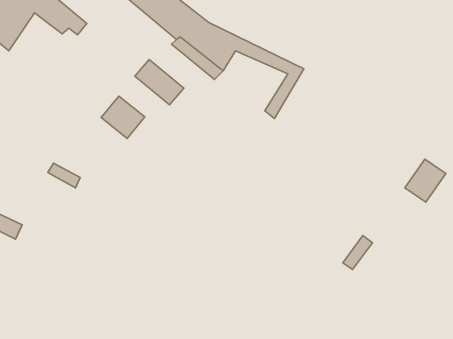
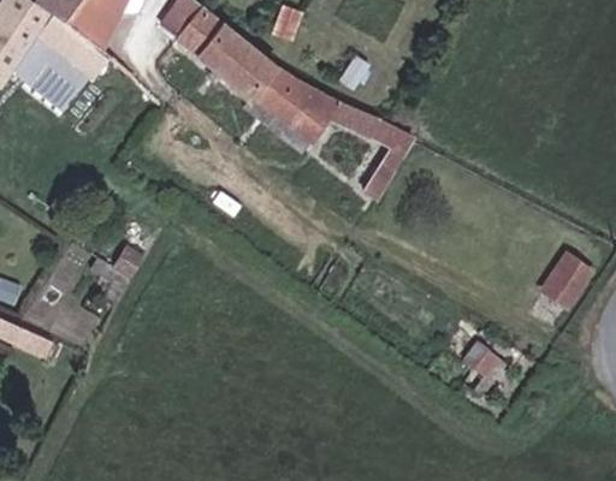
building: [135,60,184,105] -> none
building: [101,96,145,138] -> none

